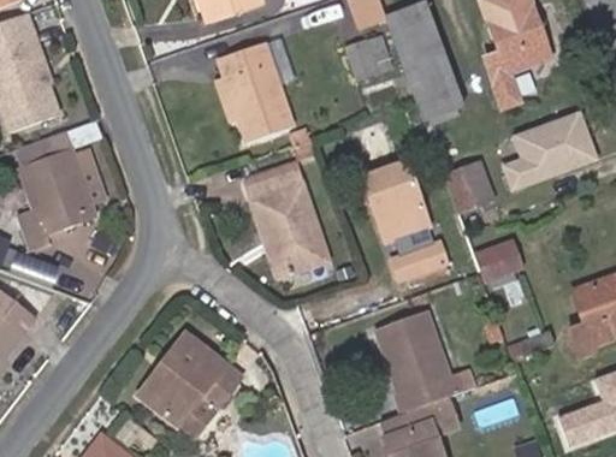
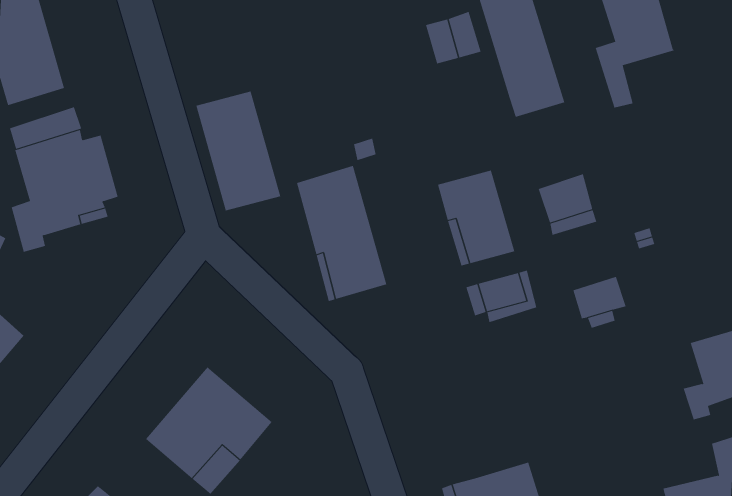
building: [219,43,292,142] -> [195,91,281,211]
building: [503,111,596,190] -> none
building: [375,310,472,413] -> none

